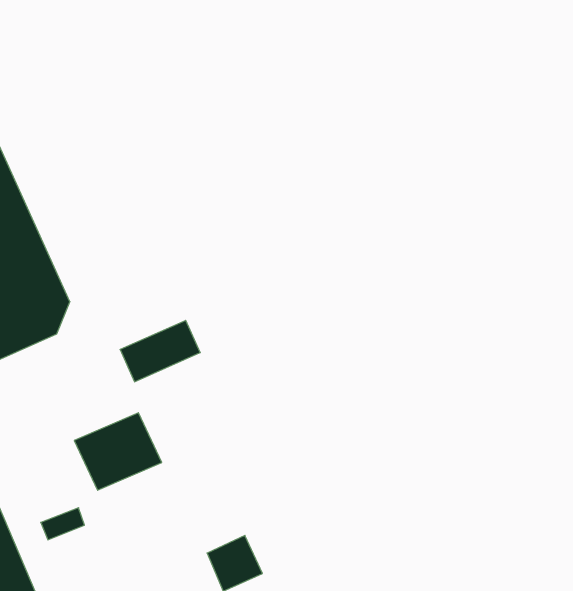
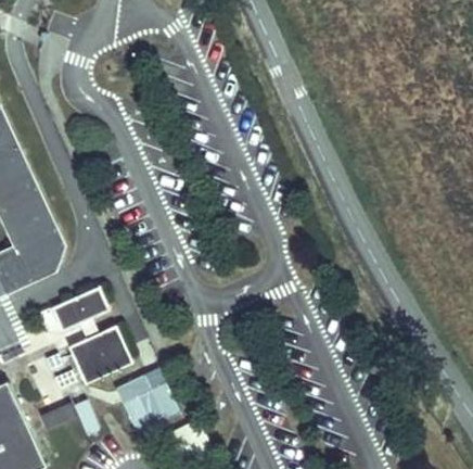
building: [120,320,200,382] -> [49,289,108,334]
building: none -> [112,376,175,431]

